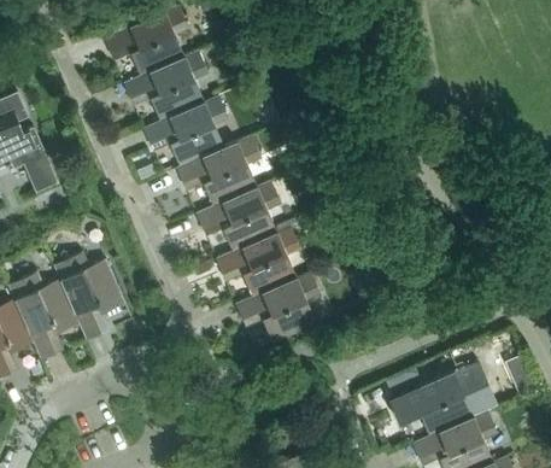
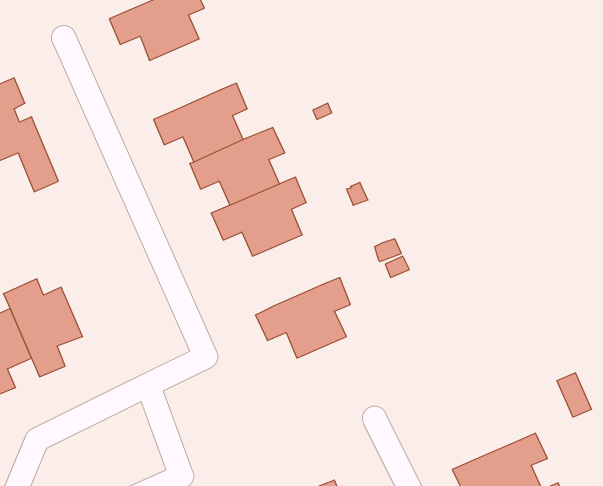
building: [122,49,207,121] -> none
building: [215,226,300,296] -> none
building: [53,252,123,340] -> none
building: [392,364,476,435] -> none

